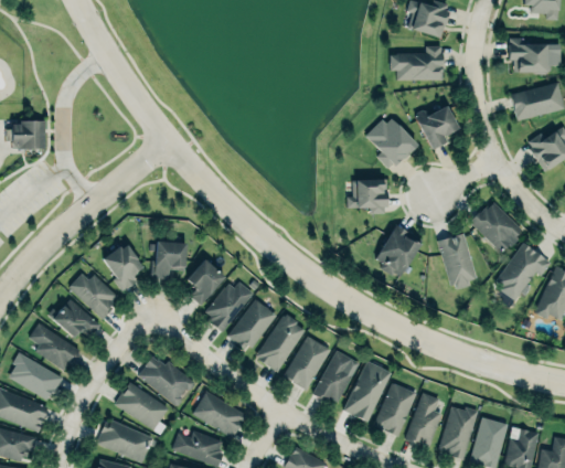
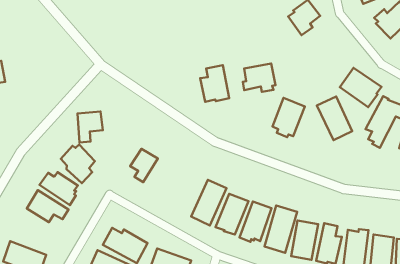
building: [366,119,417,167] -> none
building: none -> [200,65,229,102]
building: [153,241,186,279] -> [78,111,103,143]
building: [203,278,253,331] -> none
building: [227,299,277,349] -> none
building: [30,326,79,371] -> none

